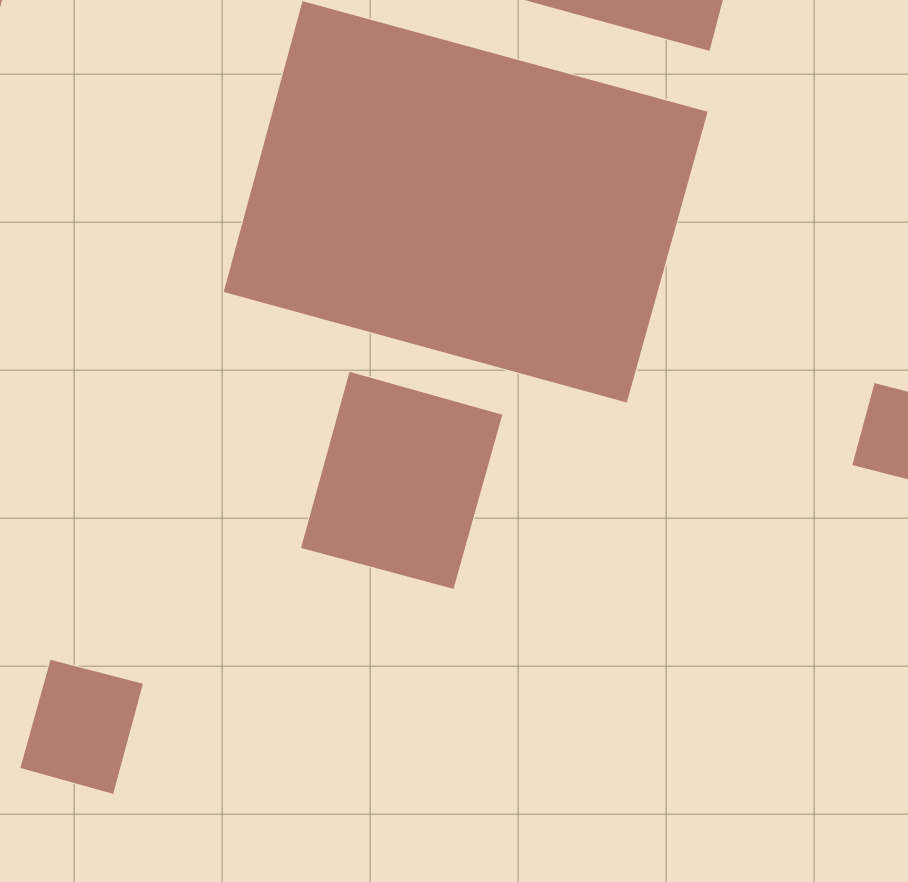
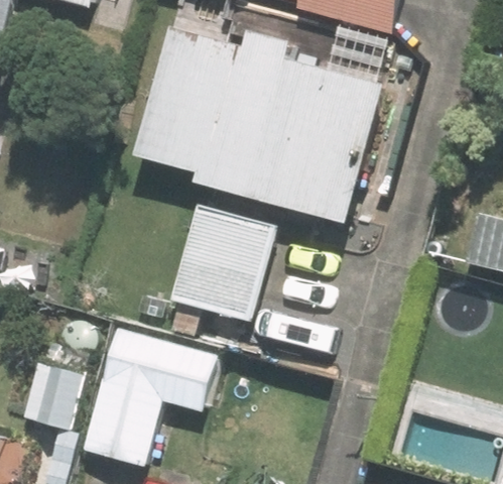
building: none -> [82,329,222,467]

